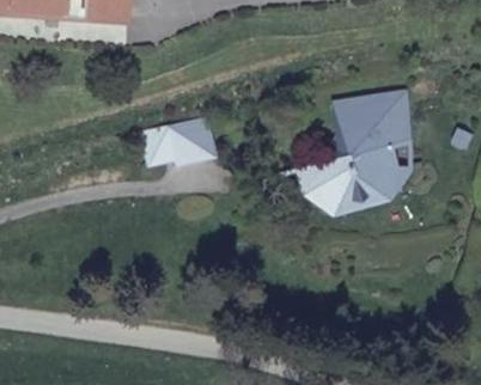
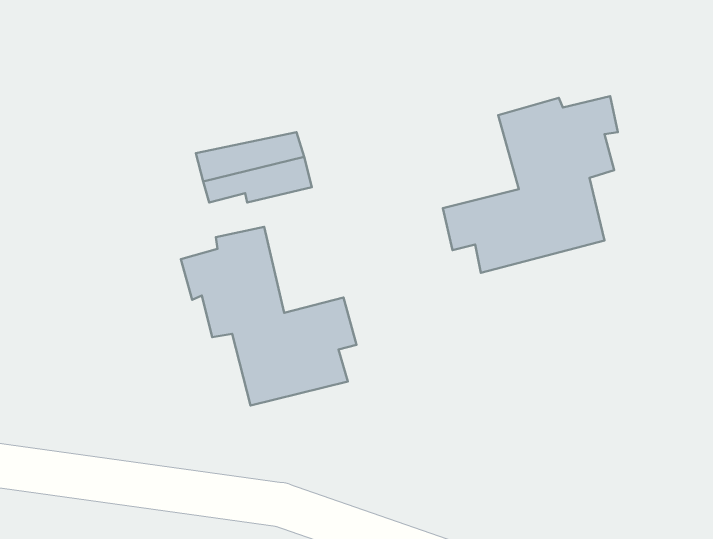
building: none -> [181,227,356,405]

